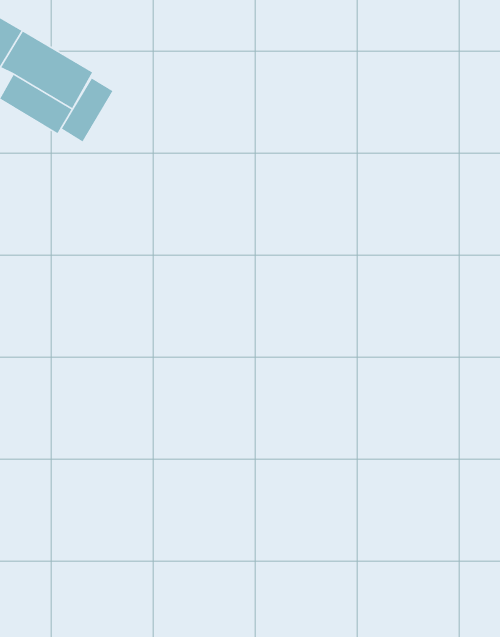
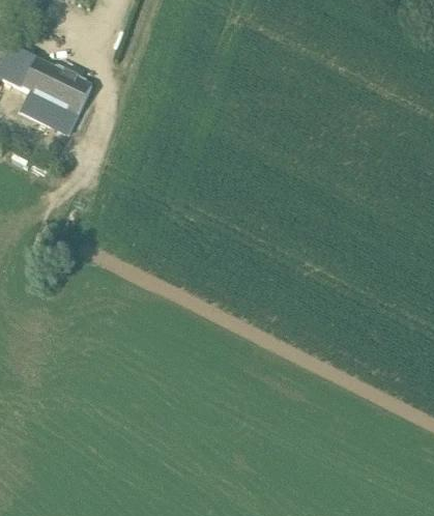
building: [61,77,114,142] -> none

